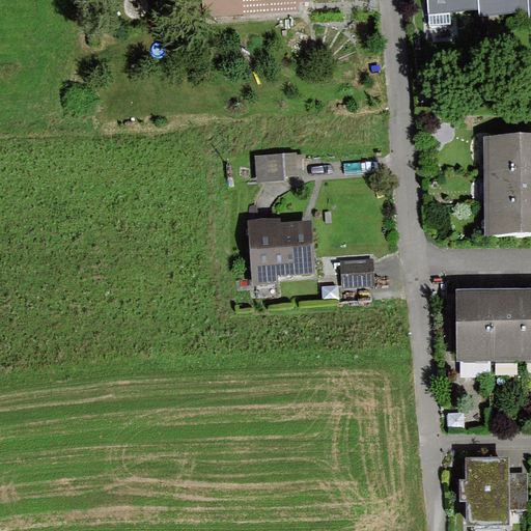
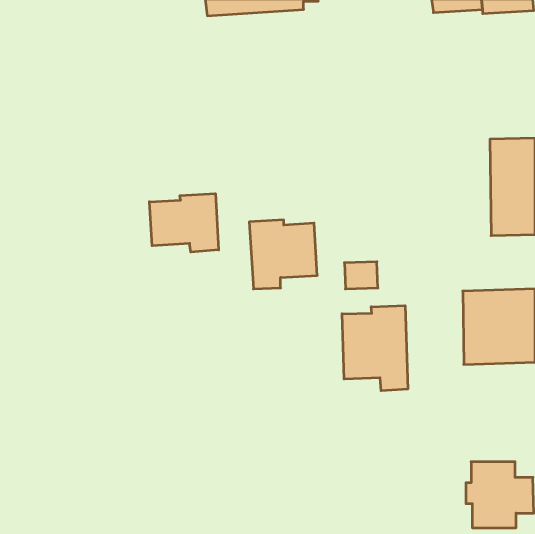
building: [256,153,299,178] -> none
building: none -> [149,194,219,252]
building: none -> [342,306,408,391]

